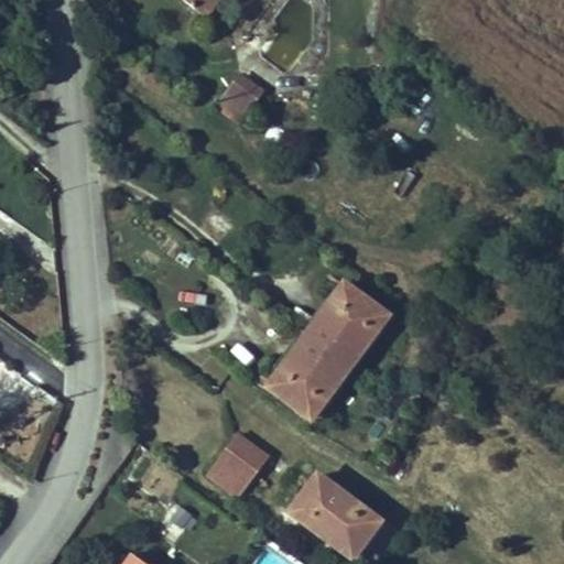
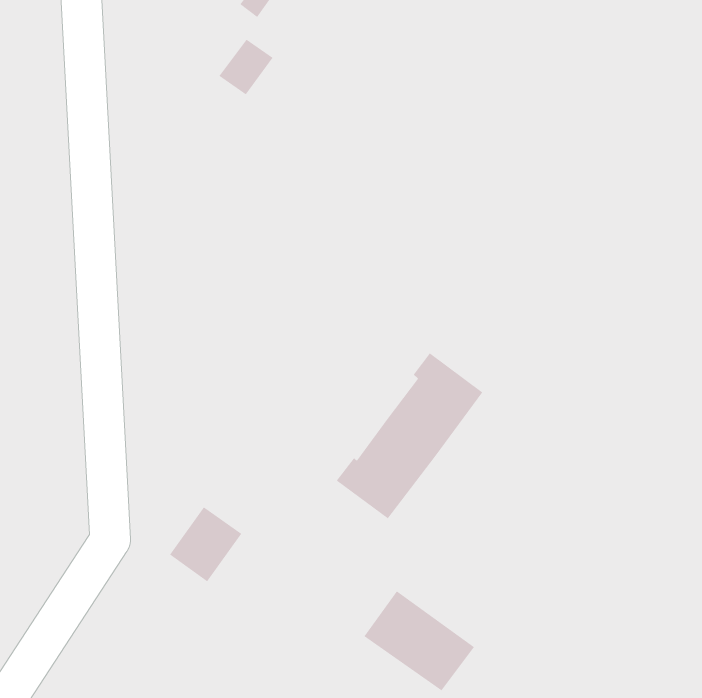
building: [220,77,264,122] -> [219,39,274,95]
building: [207,432,265,492] -> [169,506,242,582]

